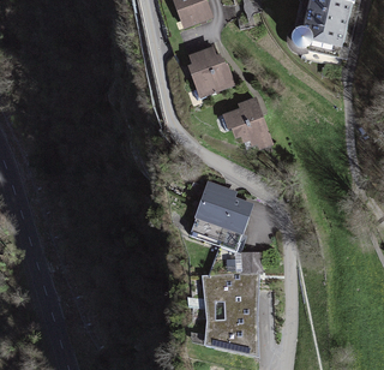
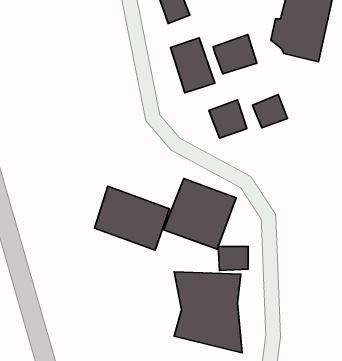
building: none -> [213,35,257,74]
building: none -> [253,94,287,128]
building: none -> [95,186,169,250]

